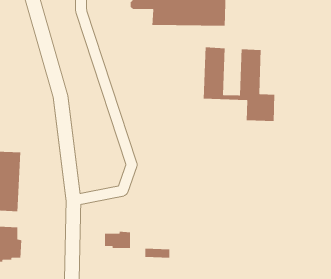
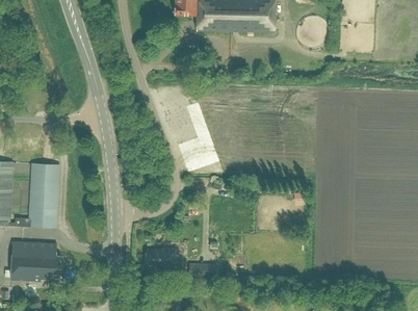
building: [203,47,275,122] -> none

